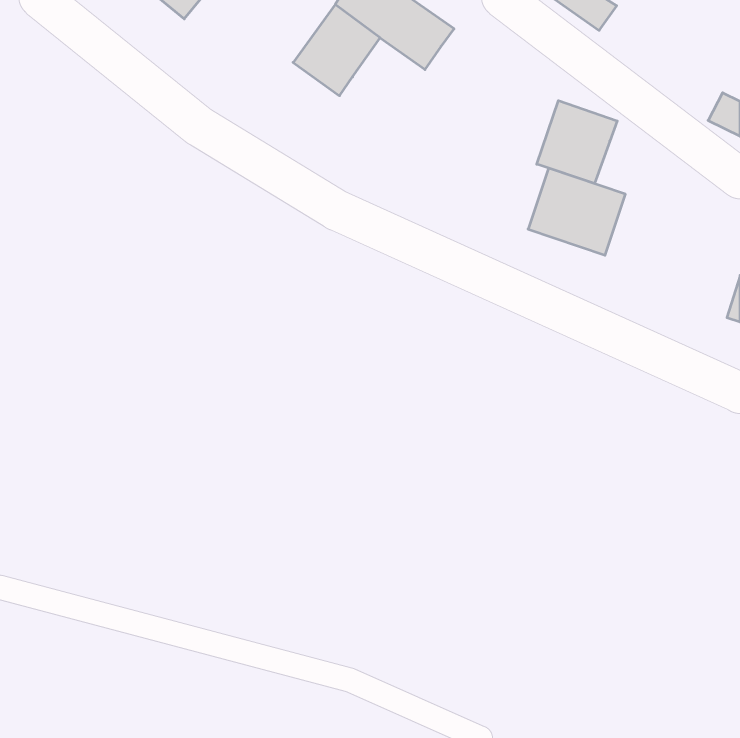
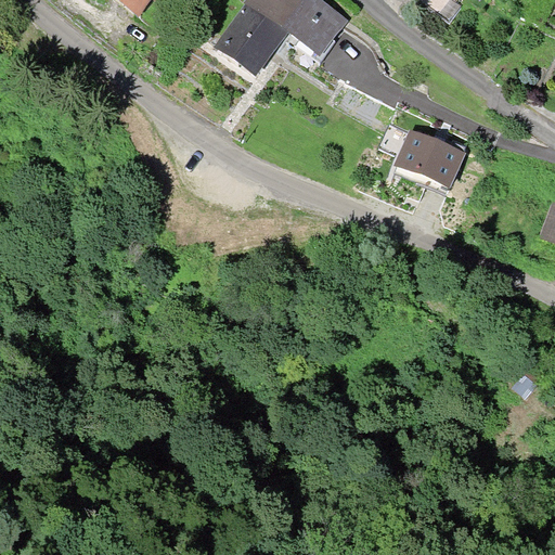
building: [537,101,617,183] -> none

